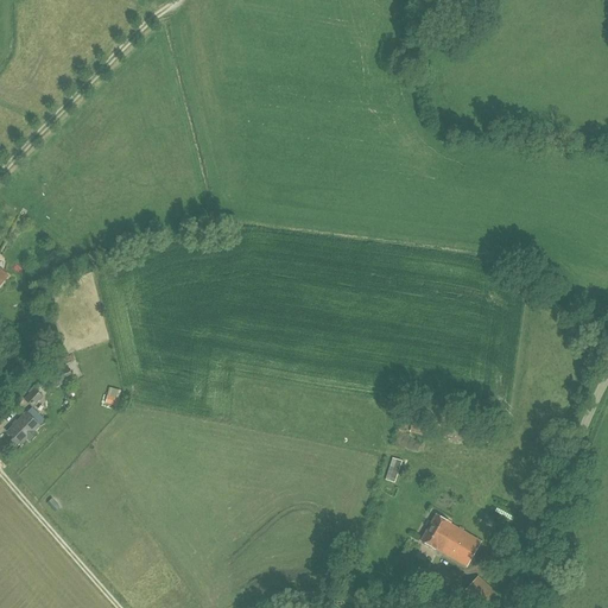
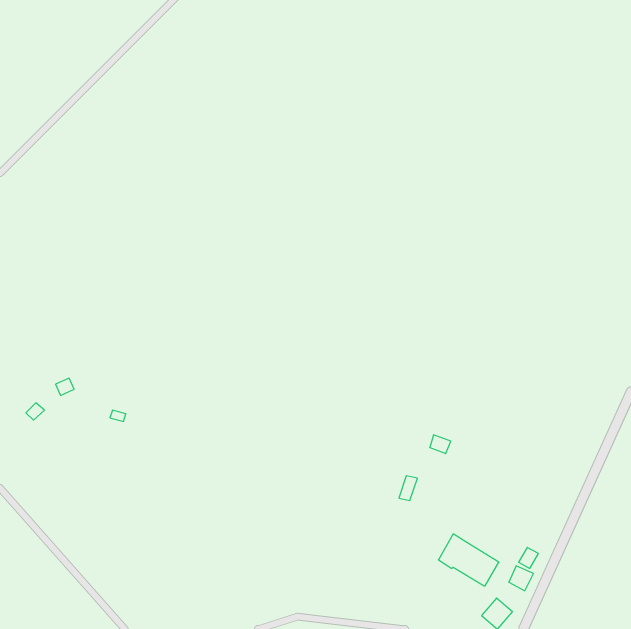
building: [7,410,39,445] -> none

